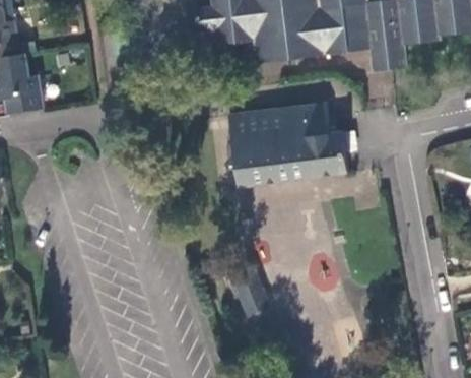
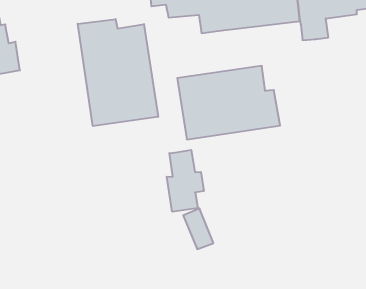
building: none -> [78,19,158,126]
building: none -> [167,150,204,212]

